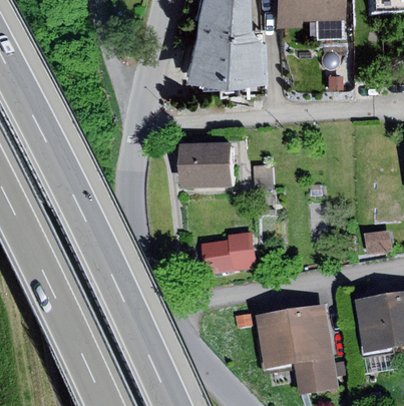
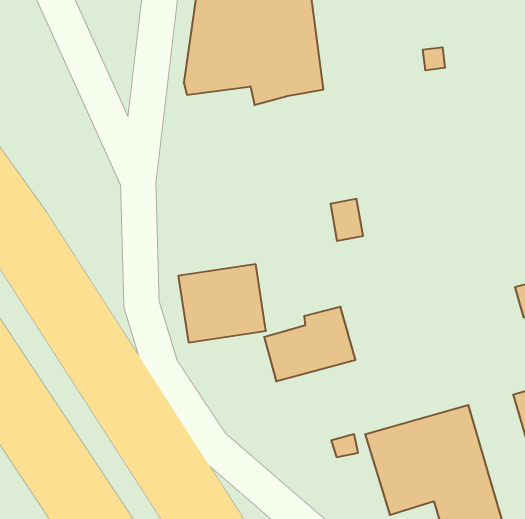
building: [182,143,234,187] -> [178,264,266,342]

